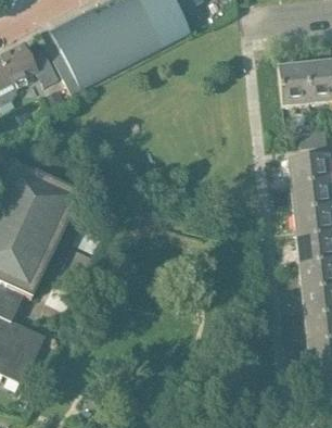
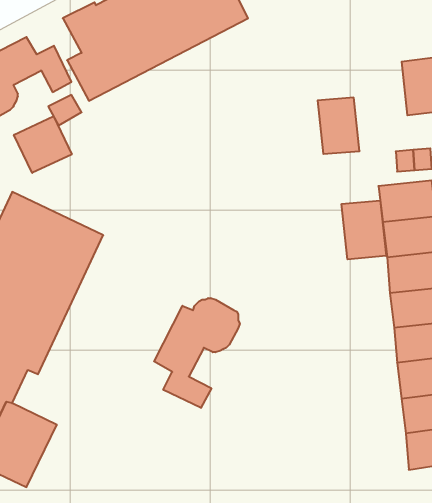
building: [277,64,308,106] -> [318,98,360,154]
building: none -> [14,116,72,173]
building: none -> [342,200,386,259]
building: none -> [154,298,240,408]

